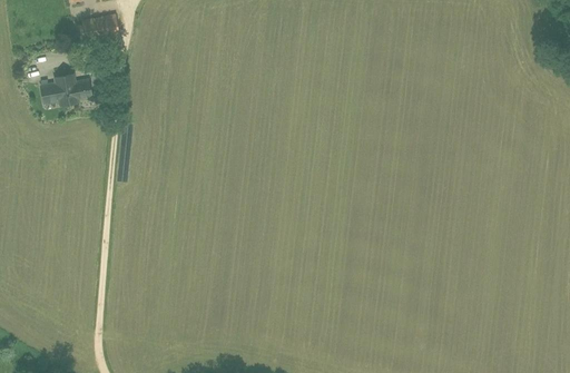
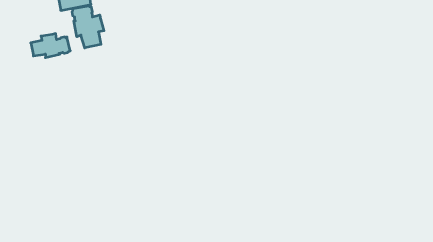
building: none -> [72,5,104,48]

